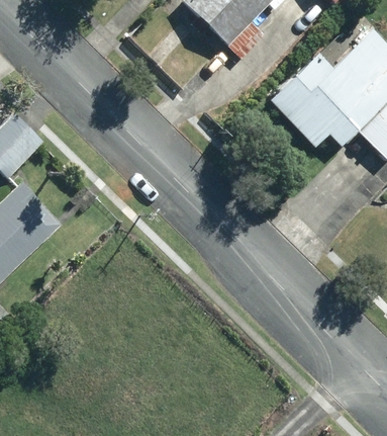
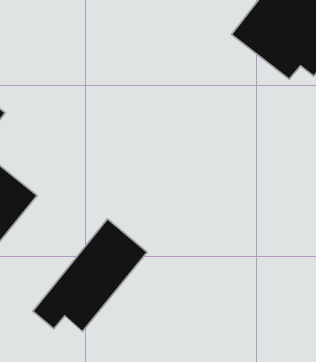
building: none -> [33,219,147,331]

